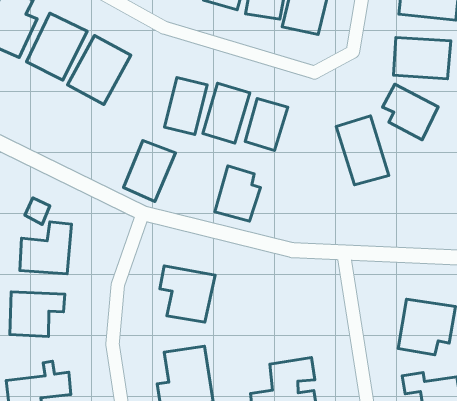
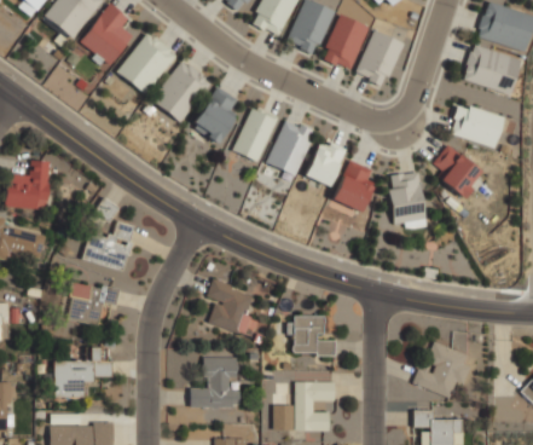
building: [123,141,175,201] -> [192,86,244,143]
building: [215,166,260,221] -> [332,158,377,212]
building: none -> [288,314,336,356]

